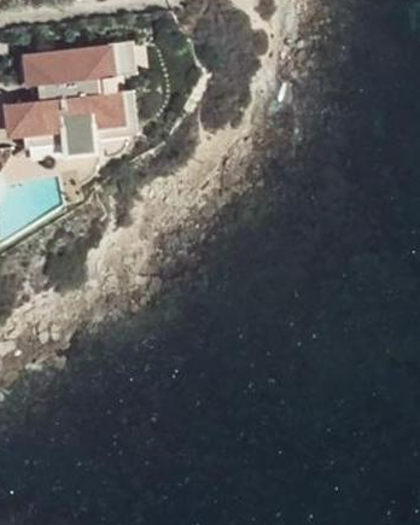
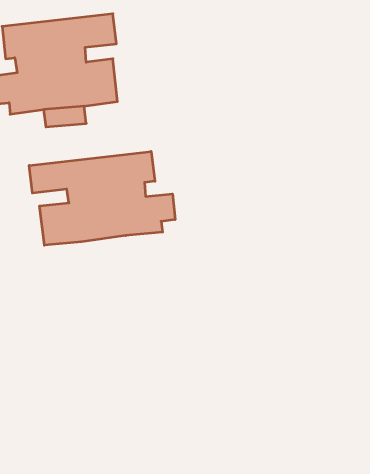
building: none -> [29,151,175,245]

